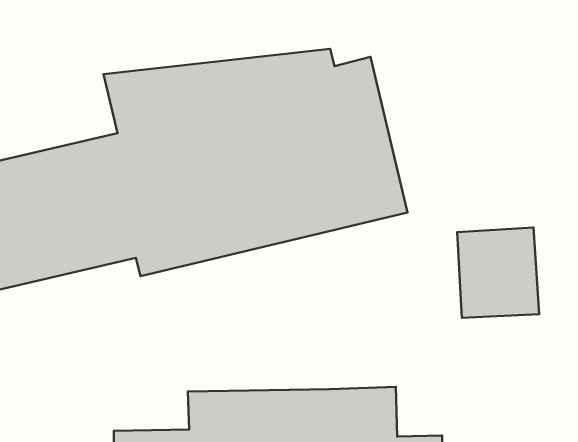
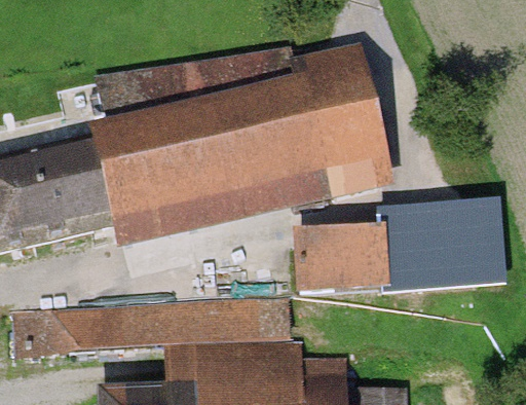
building: none -> [300,222,409,294]
building: none -> [16,301,296,357]

